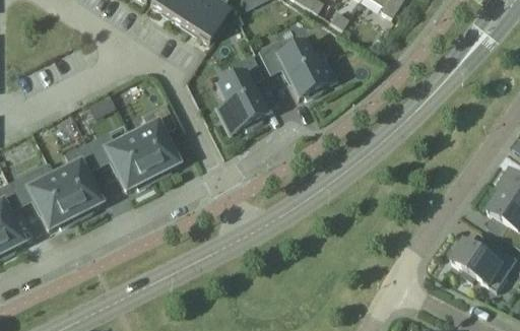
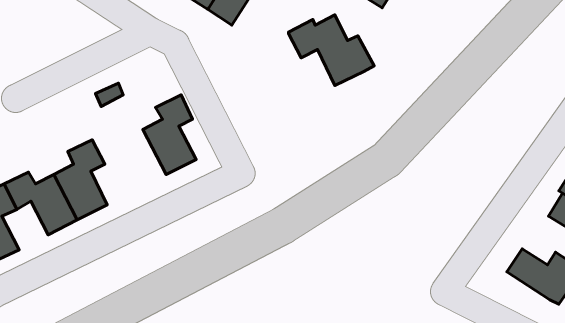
building: [219,57,265,132] -> none
building: [87,132,152,187] -> none

